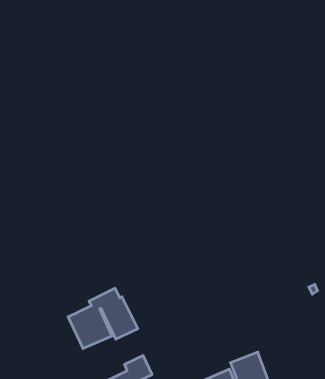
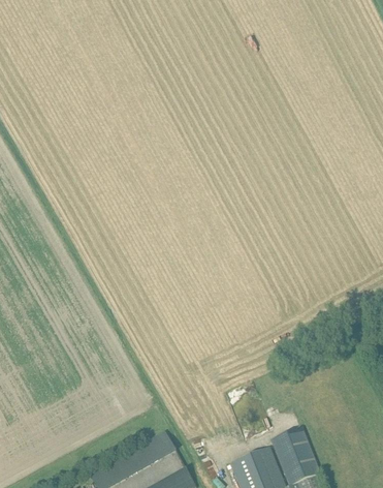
building: [68,288,138,349] -> none

